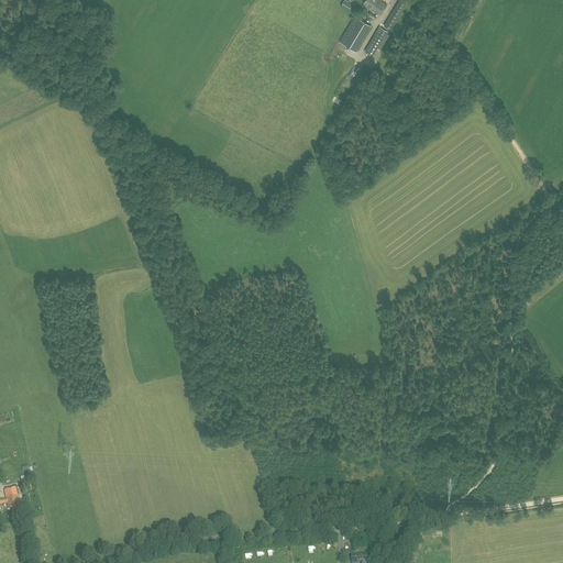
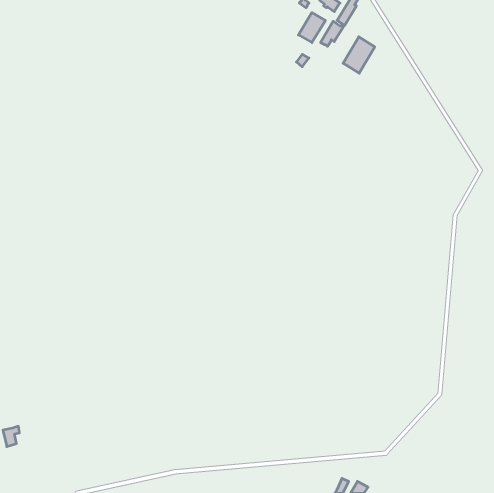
building: none -> [343,37,375,73]

